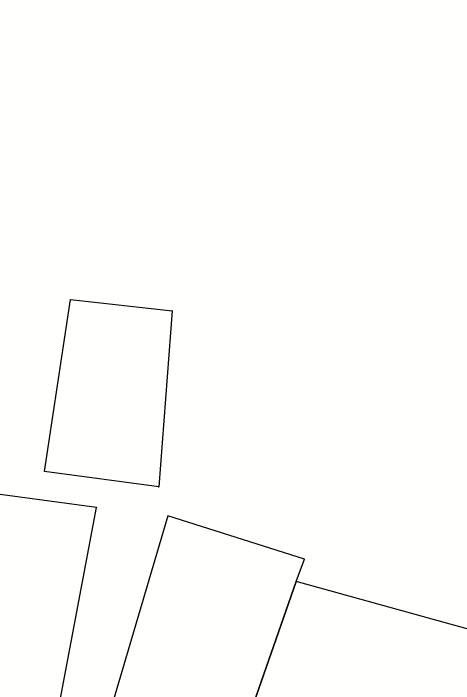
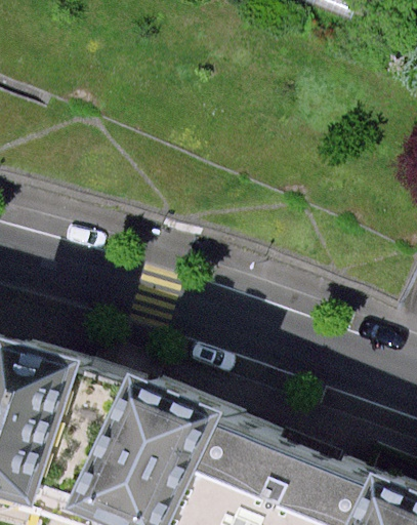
building: [45,300,172,487] -> none

